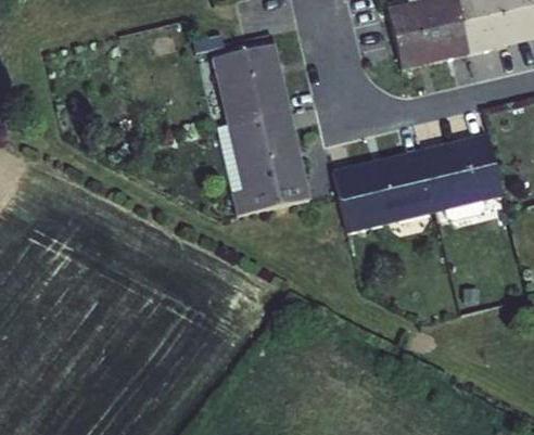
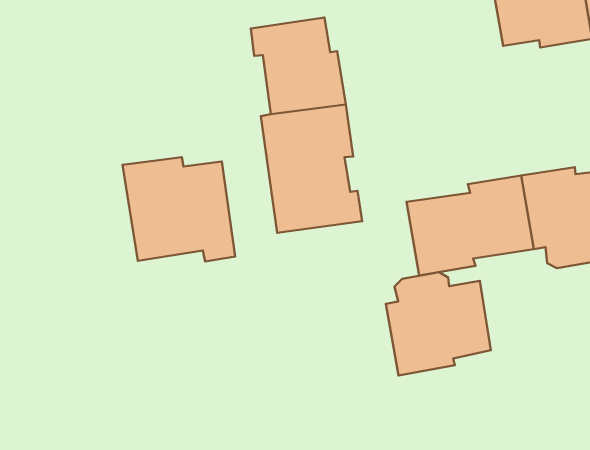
building: none -> [123,157,235,261]
building: none -> [386,272,491,376]

